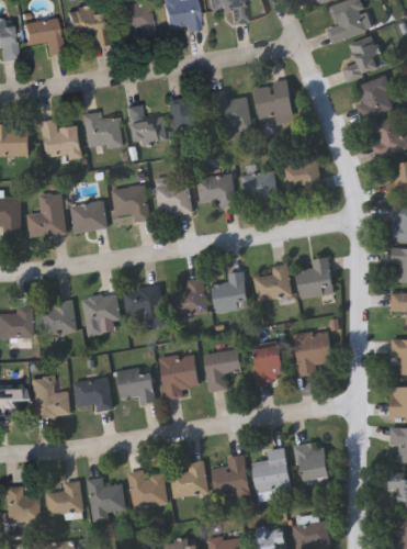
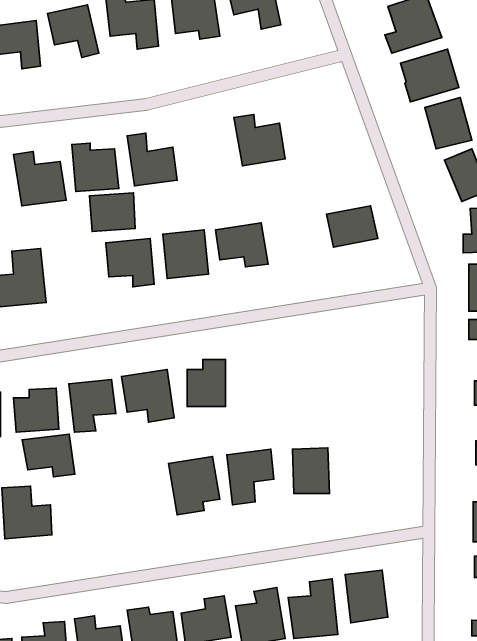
building: [256,81,293,117] -> none
building: [168,93,206,138] -> none
building: [244,172,275,199] -> none
building: [71,202,106,232] -> [89,193,135,231]
building: [298,257,333,298] -> none
building: [255,265,292,301] -> none
building: [213,271,248,311] -> none
building: [295,330,332,376] -> none
building: [117,367,156,404] -> none
building: [72,378,113,411] -> [22,434,75,477]

